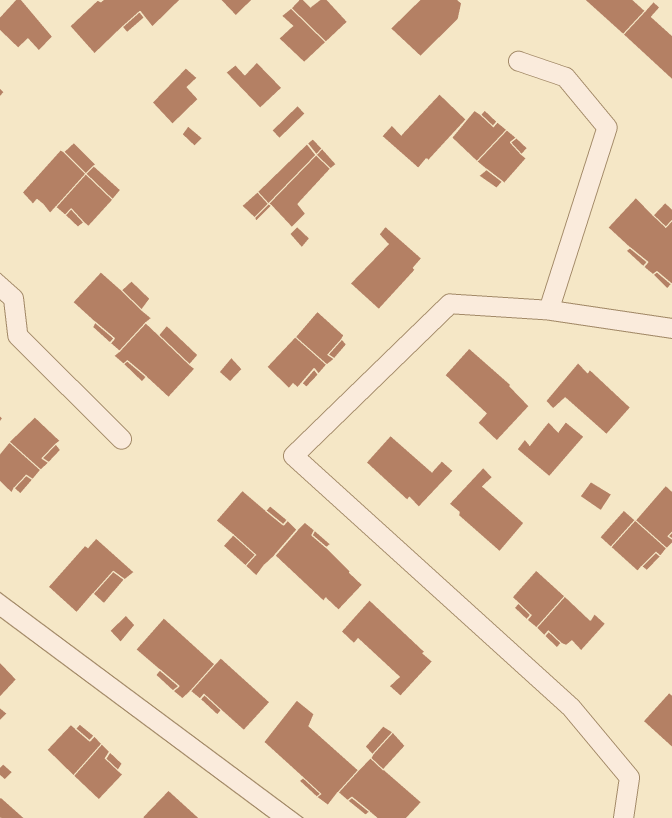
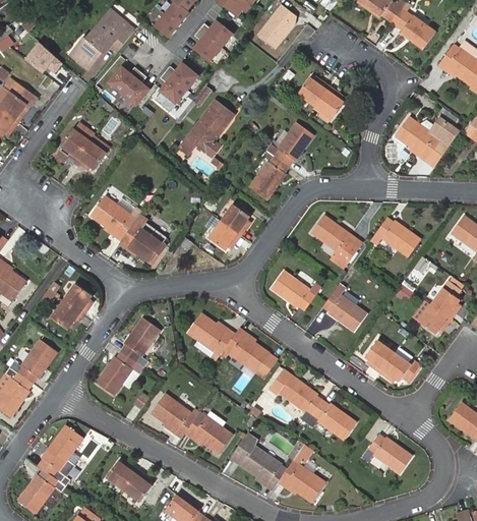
building: none -> [108,67,139,95]
building: none -> [158,72,185,105]
building: [382,94,466,168] -> [265,122,313,167]
building: [517,422,584,477] -> none
building: none -> [119,317,160,368]
building: none -> [306,400,356,440]
building: none -> [361,433,412,473]

